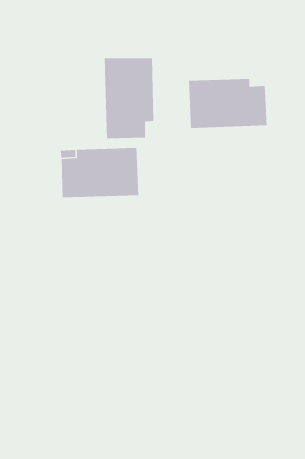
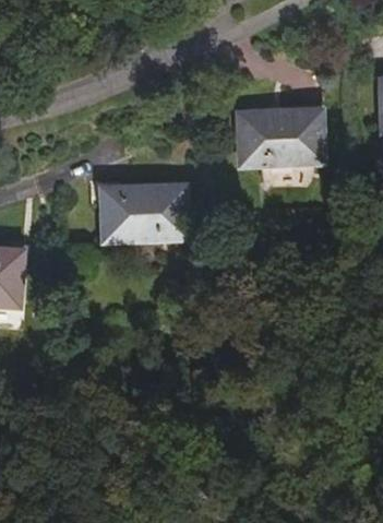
building: [104,57,154,139] -> none

